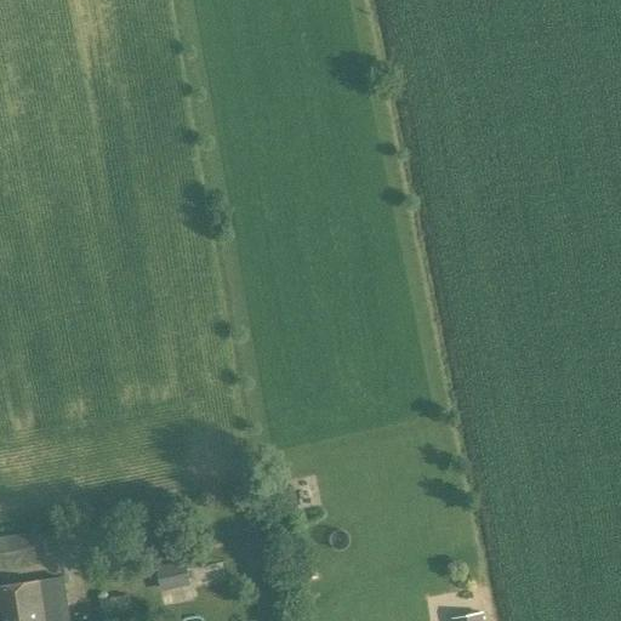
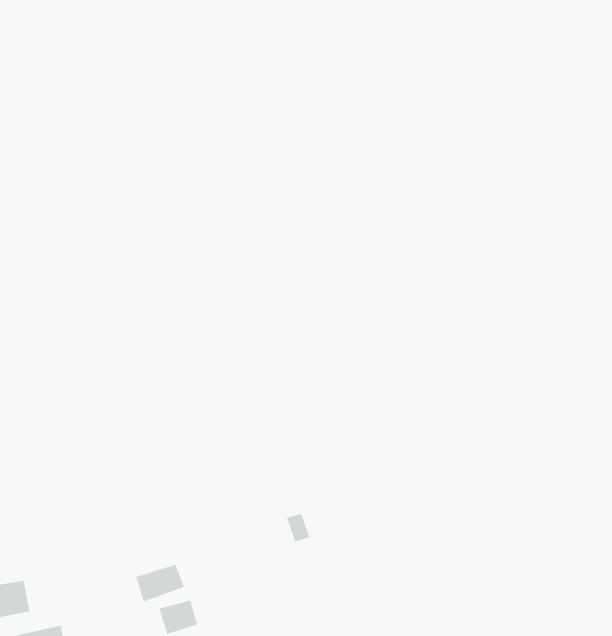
building: none -> [135,564,185,602]

